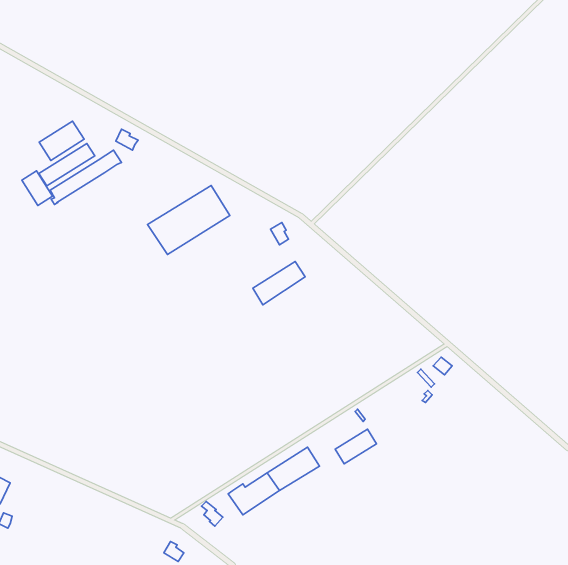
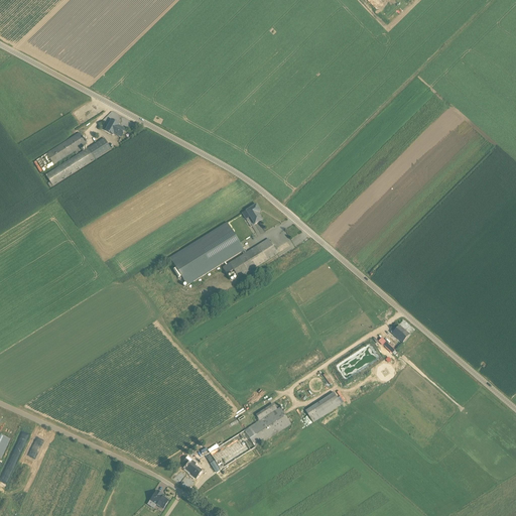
building: [39,121,84,160] -> none
building: [22,171,53,206] -> none
building: [148,186,230,254] -> [169,222,244,284]

